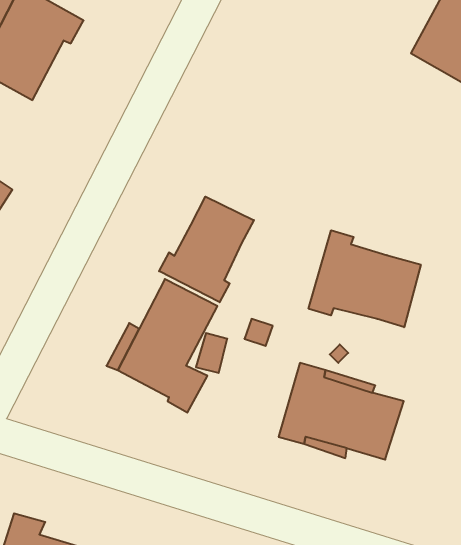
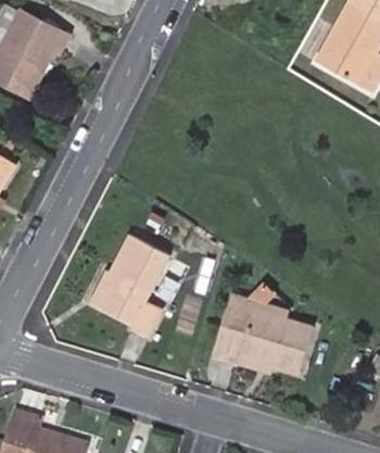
building: [159,197,254,302] -> none
building: [309,230,421,327] -> none

